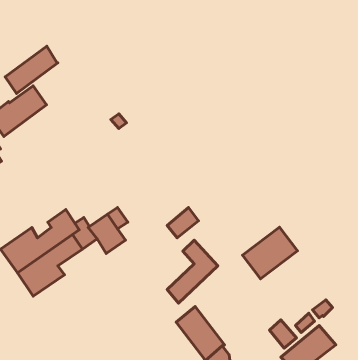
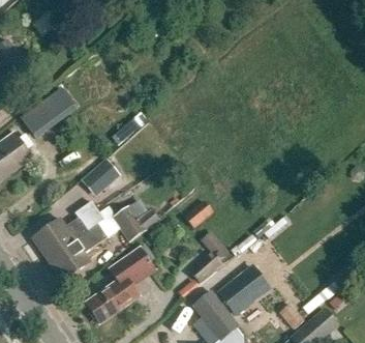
building: [5,46,58,93] -> none
building: none -> [80,160,120,198]
building: [242,227,298,279] -> [216,266,267,314]
building: none -> [85,246,154,321]

